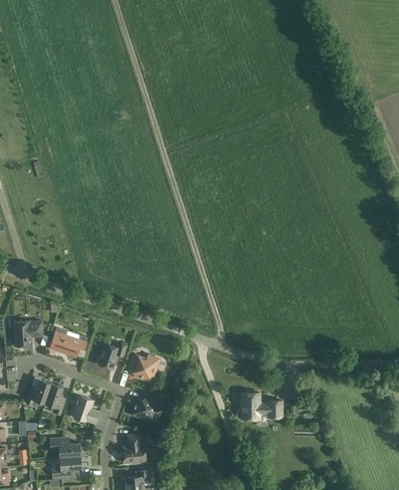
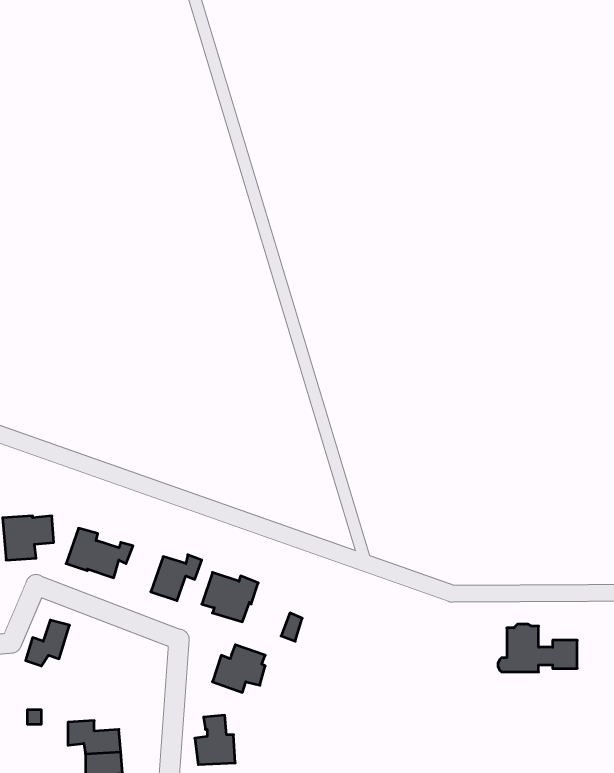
building: [43,383,63,414] -> none
building: [234,391,279,418] -> [498,624,577,672]
building: [70,396,97,423] -> none

